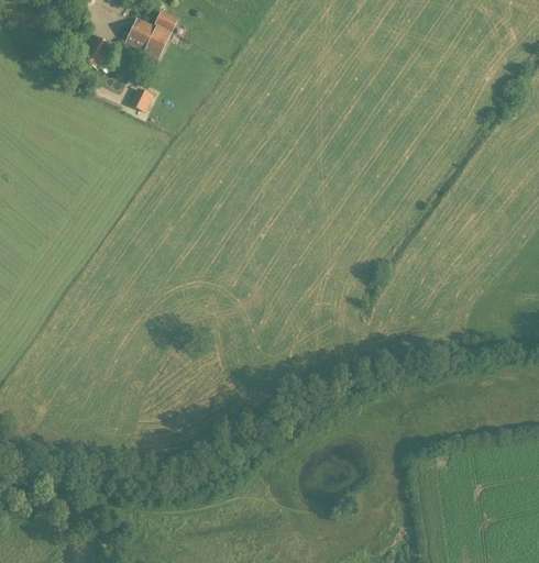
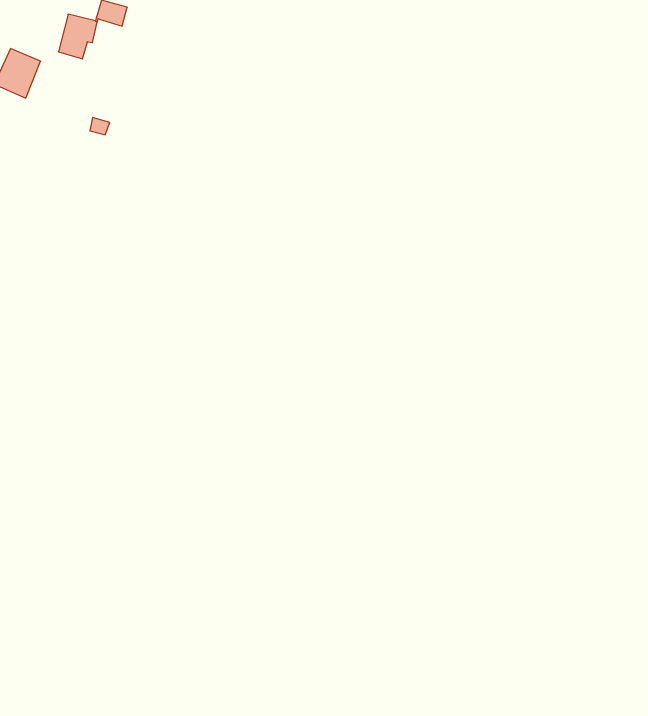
building: [141,24,172,59] -> none

